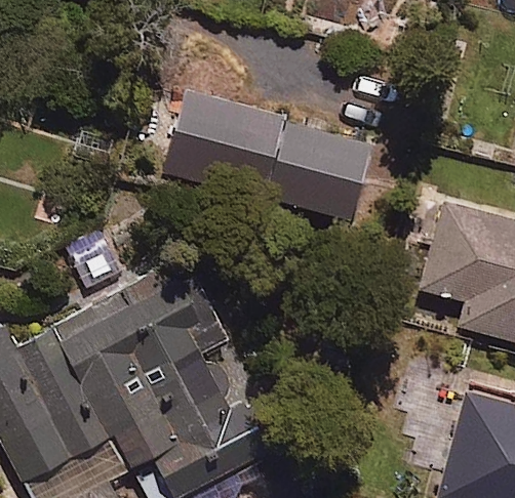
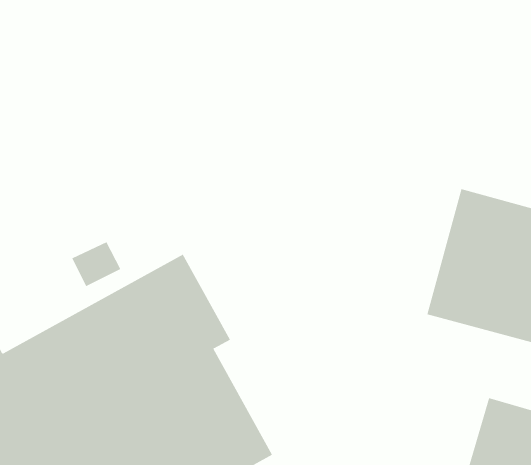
building: [160,87,371,221] -> none

